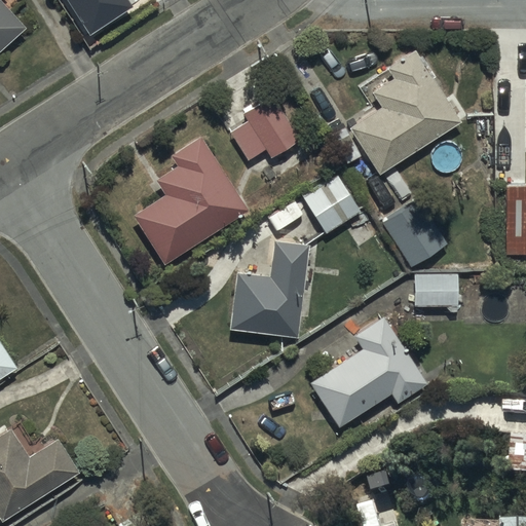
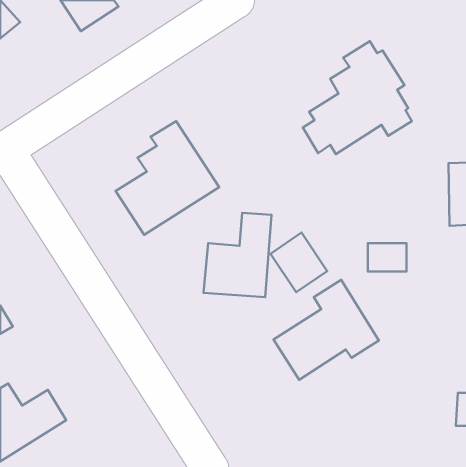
building: [231,97,300,160] -> none
building: [304,175,363,234] -> none
building: [383,200,447,267] -> [270,233,327,292]

